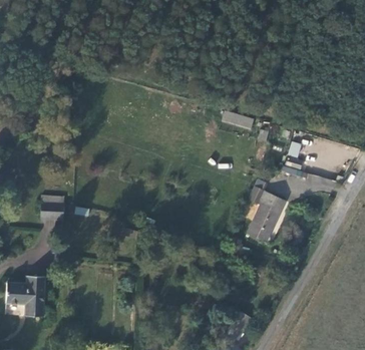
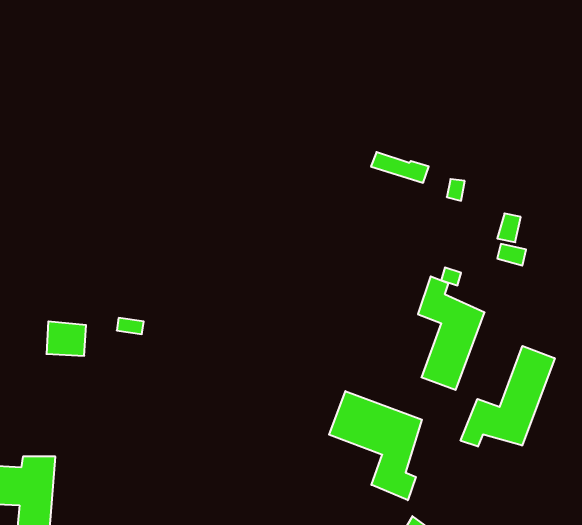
building: none -> [461,346,555,447]
building: none -> [329,391,422,500]

